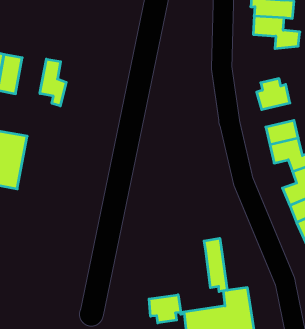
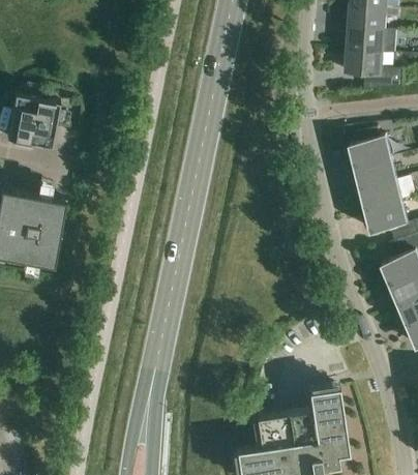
building: [40,59,66,106] -> none
building: none -> [355,159,395,189]
building: [204,238,227,292] -> none
building: [149,295,181,323] -> none

